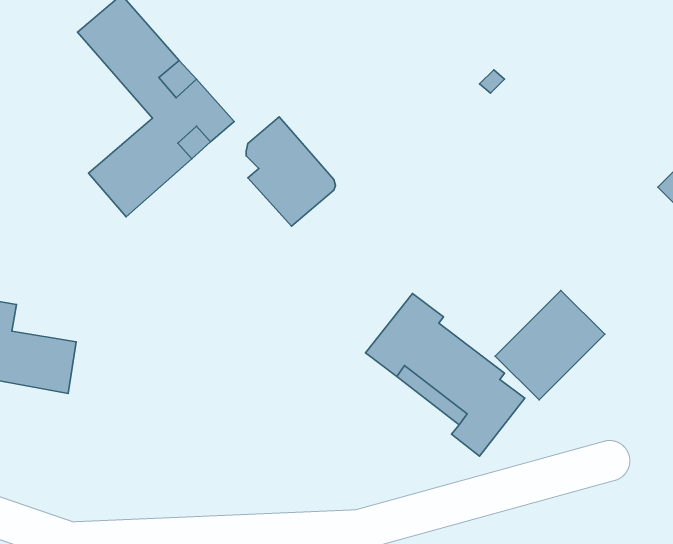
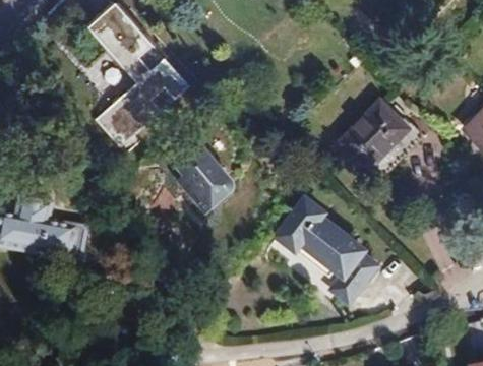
building: [246,117,335,226] -> [177,140,235,211]
building: [495,290,605,400] -> [338,100,409,171]

